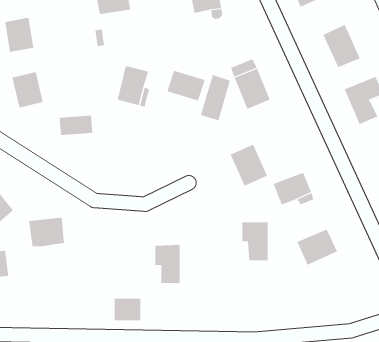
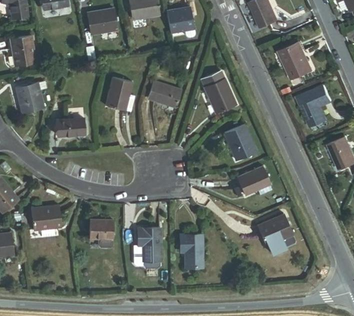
building: [200,74,230,121] -> none
building: [230,144,268,187] -> [224,124,256,160]
building: [241,222,269,261] -> [179,235,202,268]
building: [114,298,141,321] -> [90,220,113,239]

